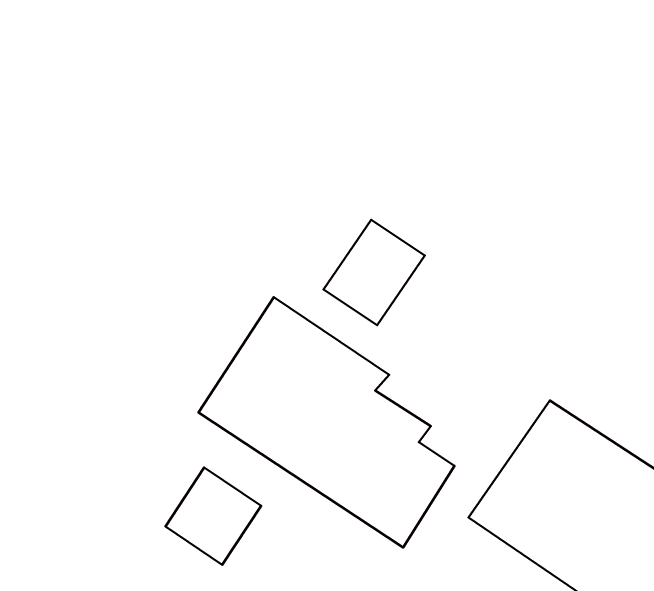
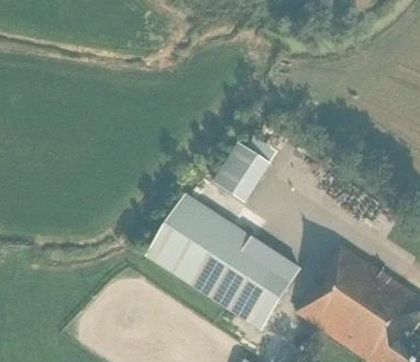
building: [165,468,261,565] -> none

